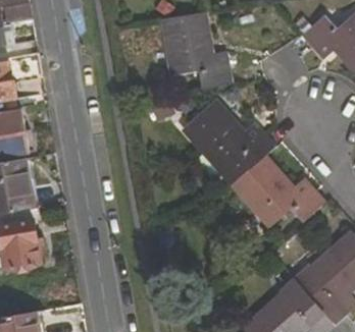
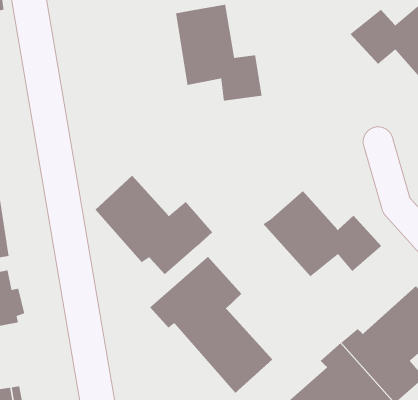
building: [183,101,275,179] -> [94,175,213,275]
building: none -> [149,256,273,394]

